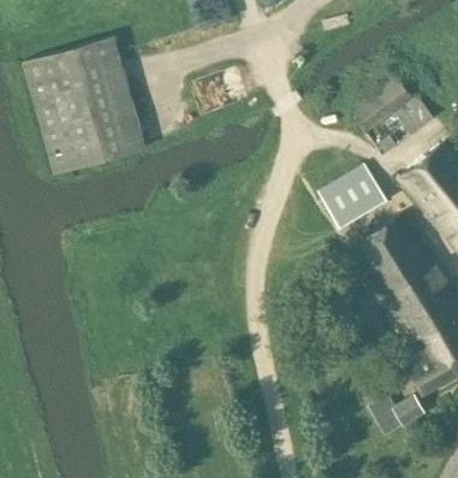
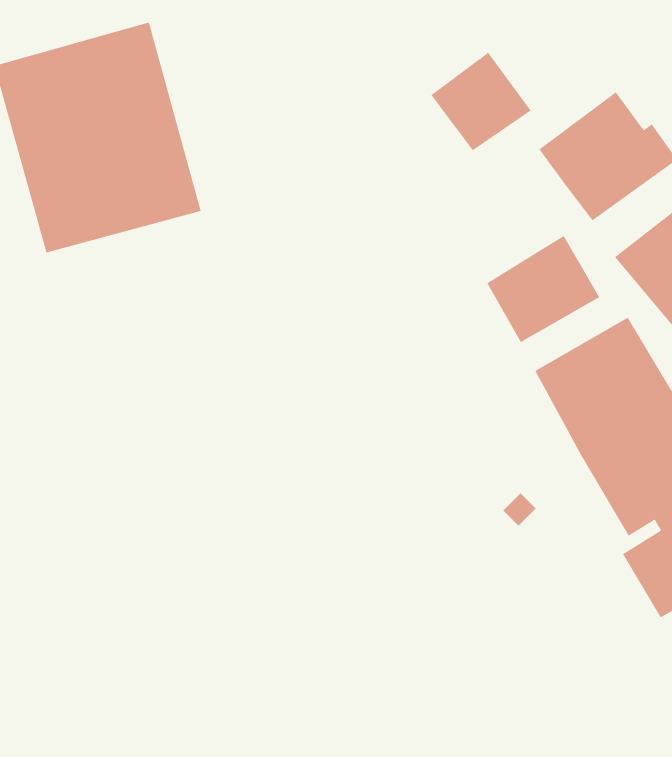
building: none -> [431,52,532,151]
building: [368,393,422,433] -> none

